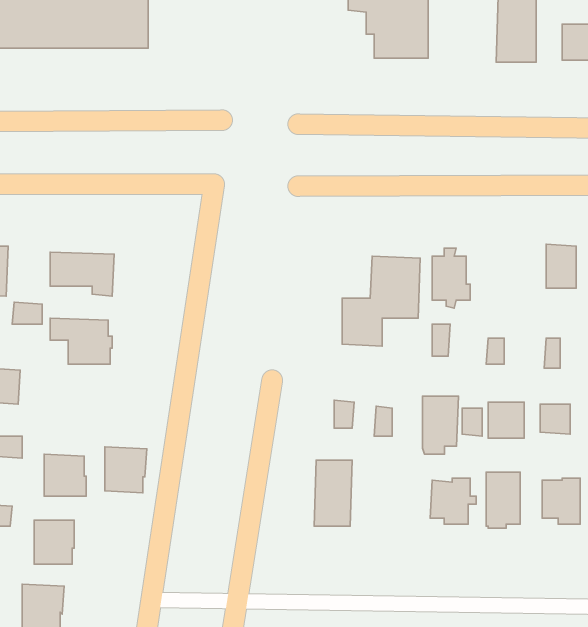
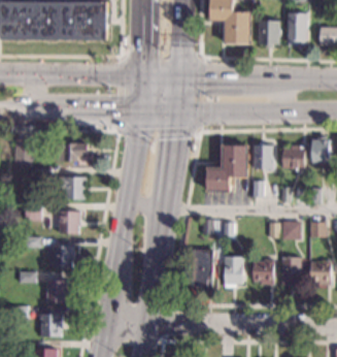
building: none -> [258,19,279,44]
building: none -> [283,145,304,168]
building: [422,396,458,454] -> [224,257,242,287]
building: [105,447,147,493] -> [61,212,82,235]

